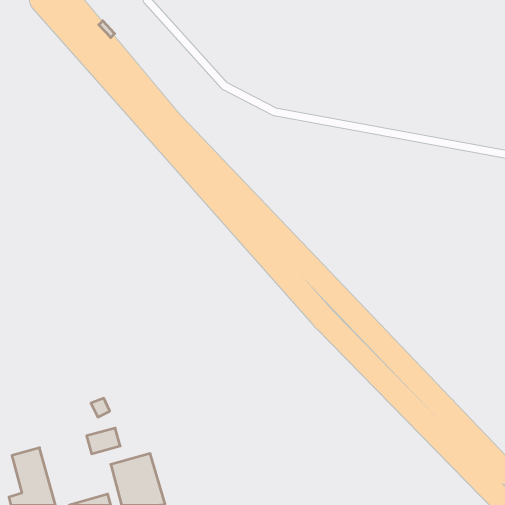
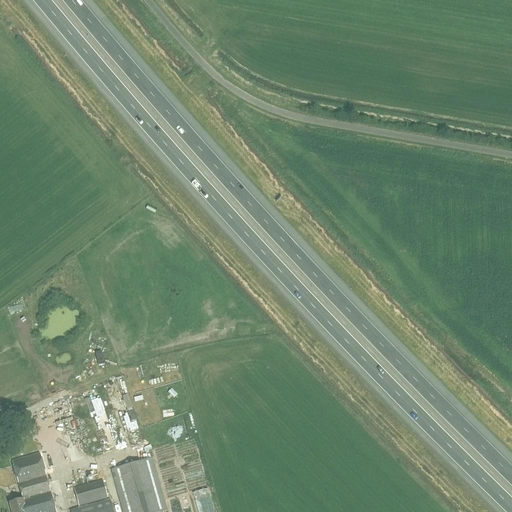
building: [87,428,120,454] -> [73,480,107,506]

